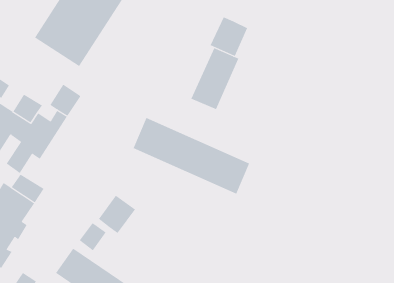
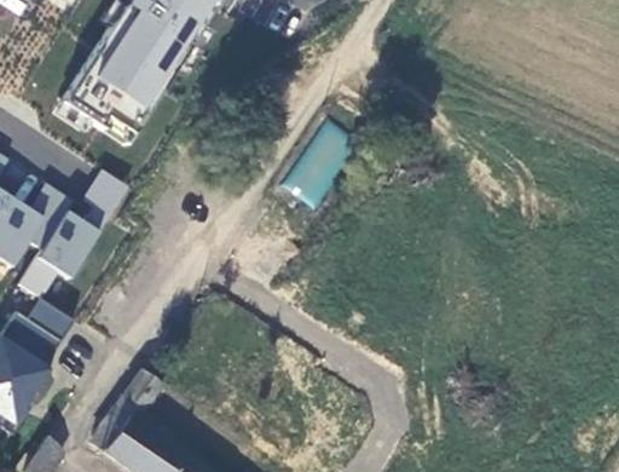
building: [210,16,248,56] -> none
building: [133,117,250,194] -> none
building: [98,195,136,234] -> none

